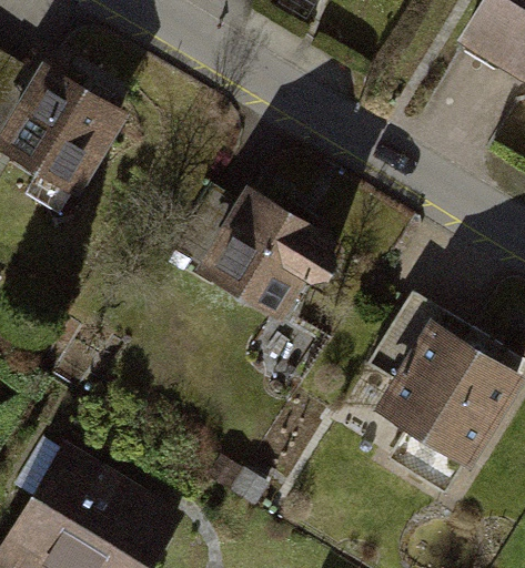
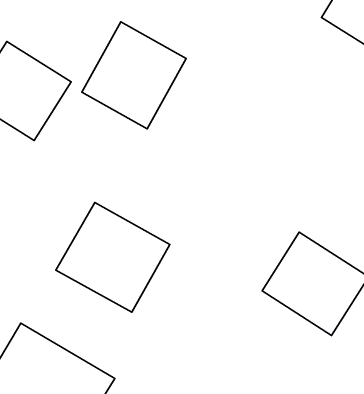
building: none -> [82,22,186,129]
building: [184,182,337,329] -> [56,202,170,312]

